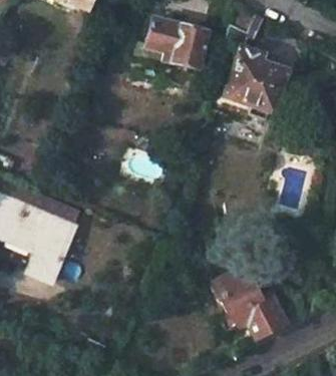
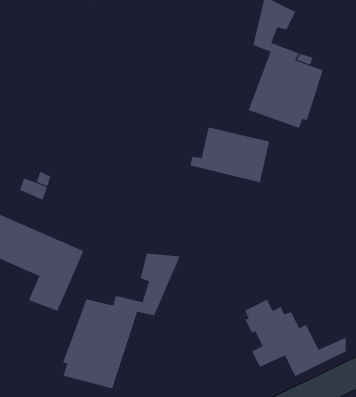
building: [136,18,207,67] -> [190,127,270,183]
building: none -> [63,253,181,389]

